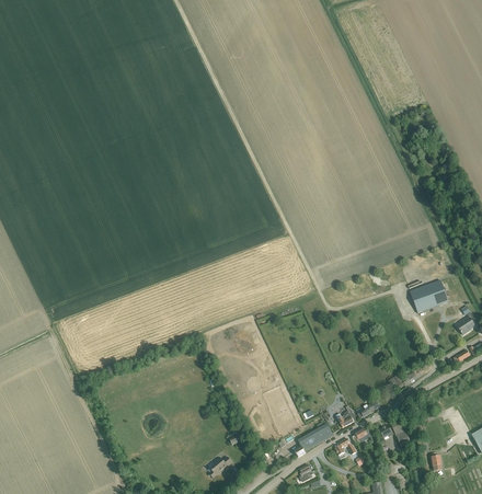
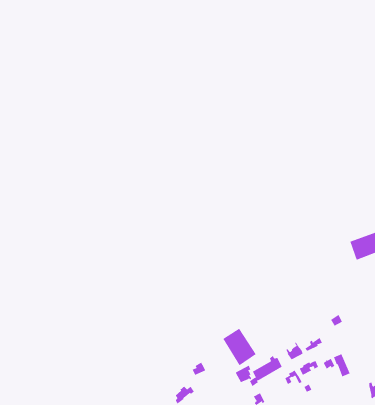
building: none -> [222,328,257,366]

